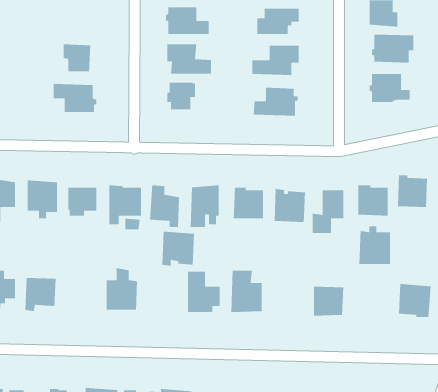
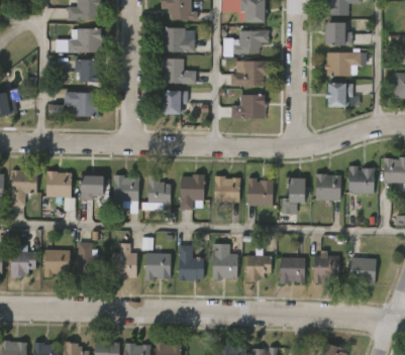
building: none -> [67,29,102,53]
building: [359,225,391,265] -> [312,249,338,281]
building: [162,231,195,267] -> [144,251,172,280]
building: none -> [77,243,105,279]
building: none -> [246,249,272,281]

